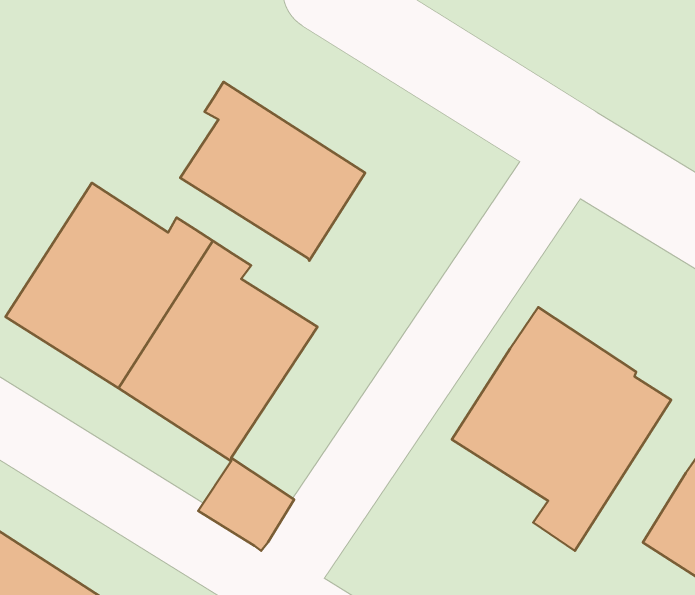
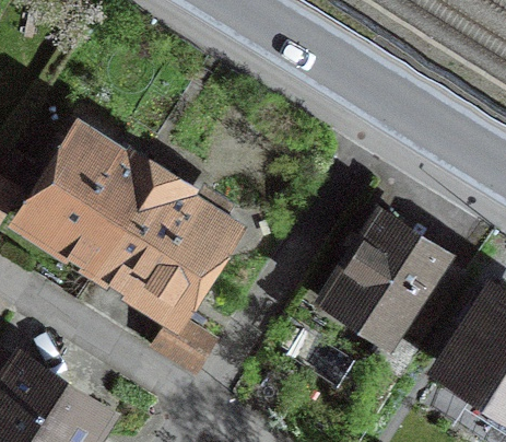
building: [180,82,365,261] -> none

